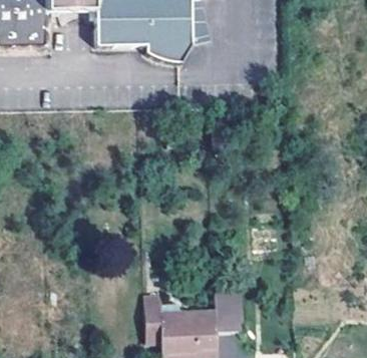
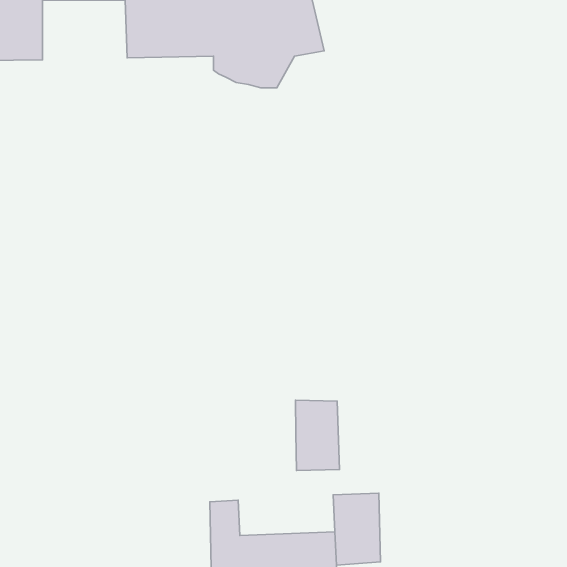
building: none -> [296,400,340,470]

